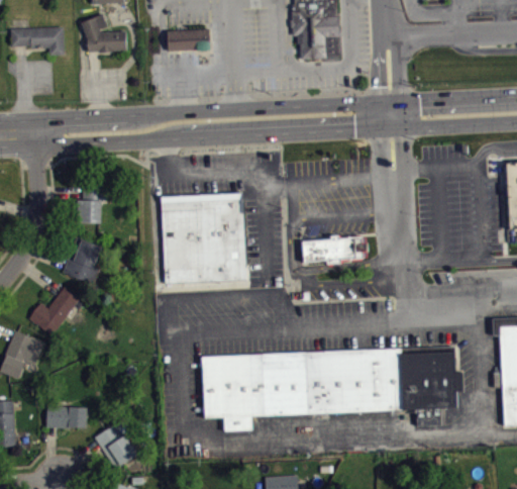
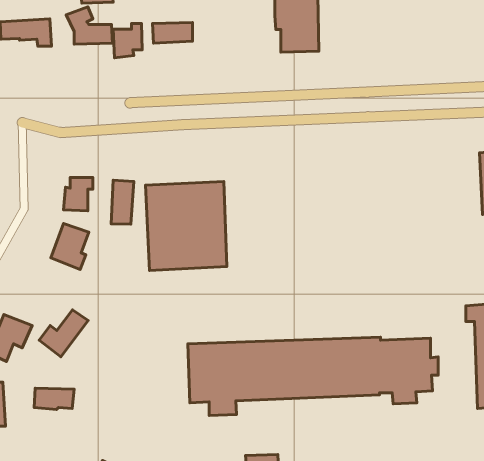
building: none -> [113,23,142,58]
building: none -> [111,180,134,224]
building: [301,235,367,264] -> none
building: [29,285,80,333] -> [39,310,88,357]
building: [94,421,137,467] -> none

